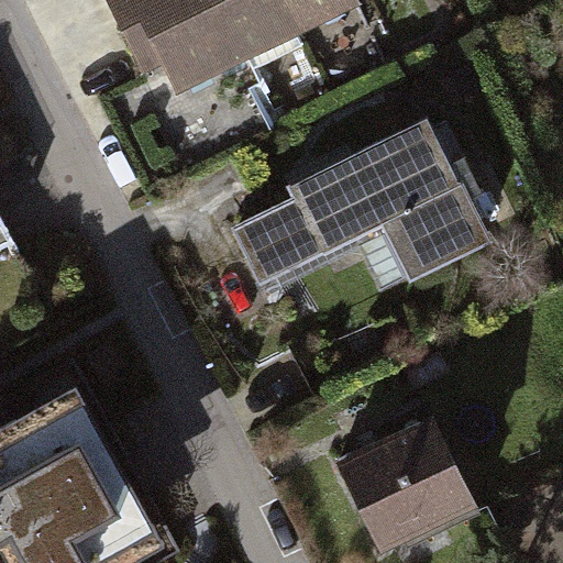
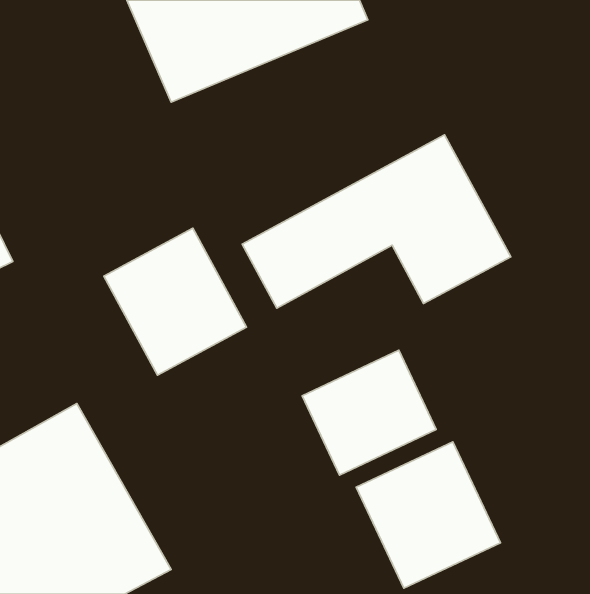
building: none -> [104,228,247,375]
building: none -> [302,350,436,475]

